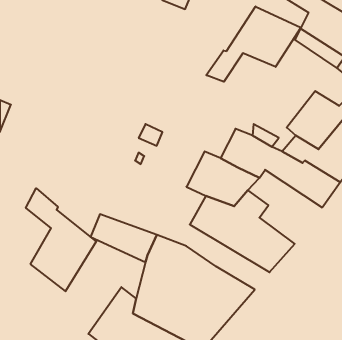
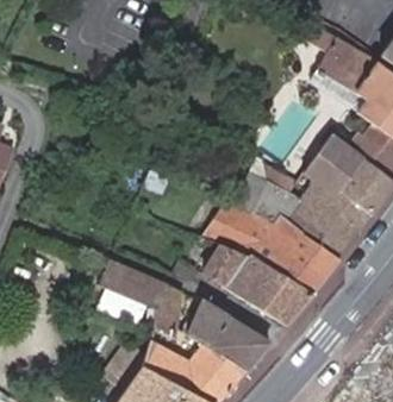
building: [206,6,301,82] -> none
building: none -> [262,218,339,295]
building: [26,188,96,291] -> none

